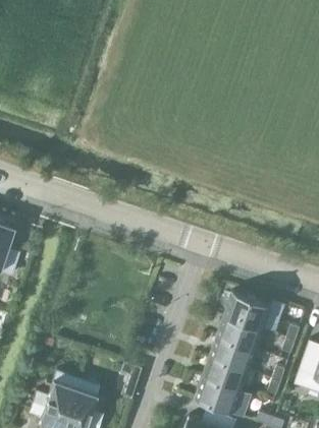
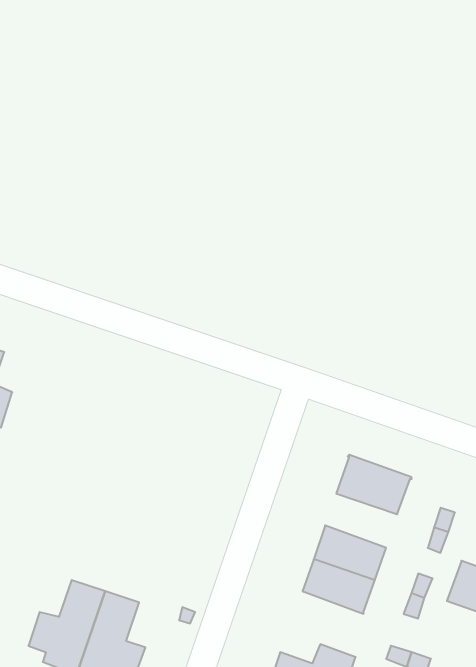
building: [218,316,264,351] -> none
building: [196,378,252,417] -> none

